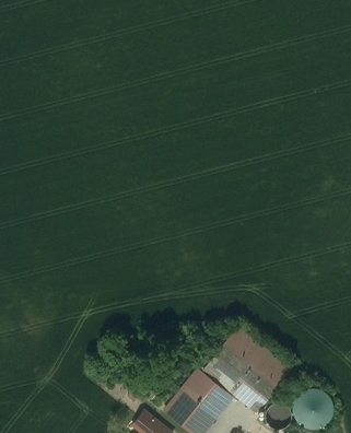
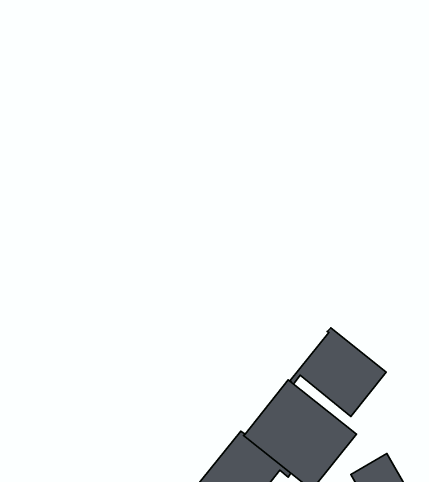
building: none -> [290,328,386,416]

